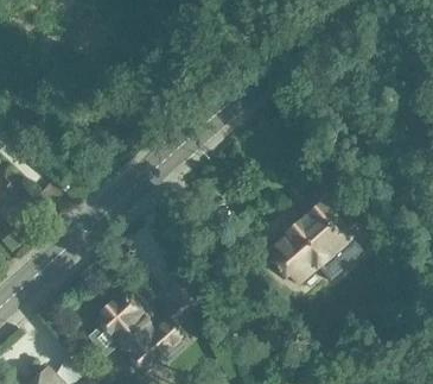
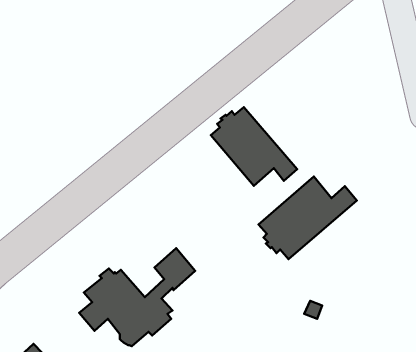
building: none -> [211,107,297,186]

